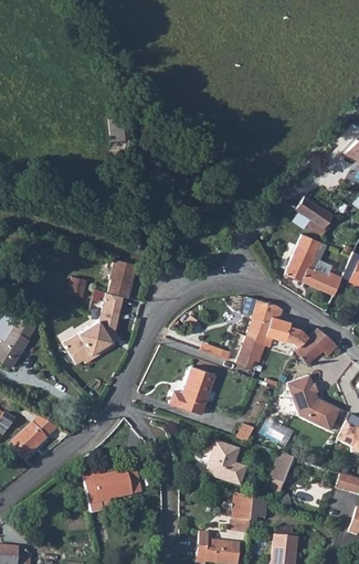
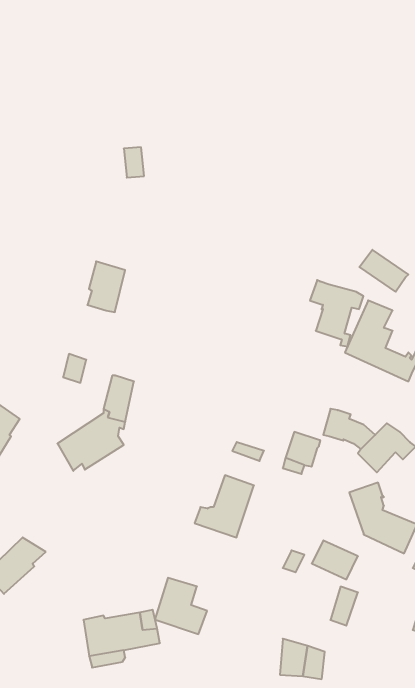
building: [108,258,137,297] -> [87,261,125,312]
building: [241,296,282,347] -> [310,280,363,347]
building: [208,441,247,485] -> [155,578,207,634]

